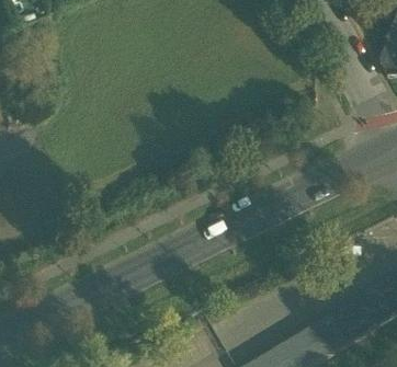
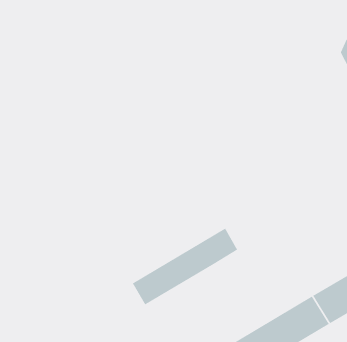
building: none -> [132,227,238,306]

